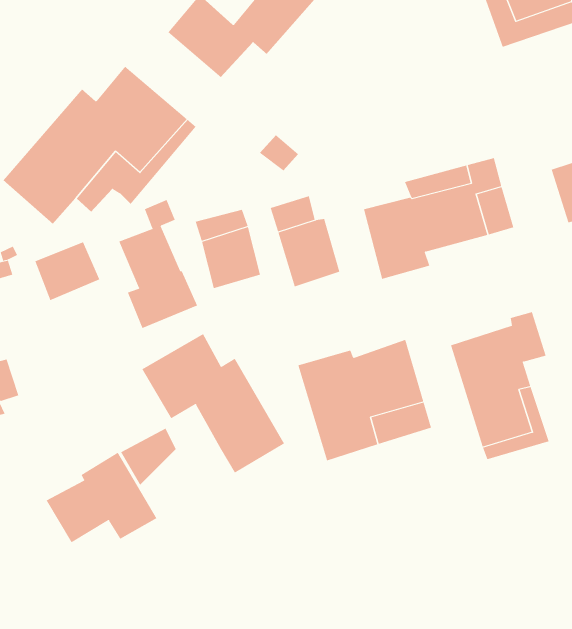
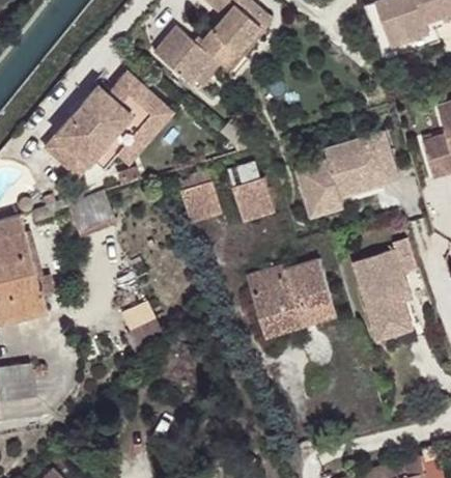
building: [119,199,198,329] -> none
building: [141,333,285,473] -> none
building: [46,452,157,543] -> none

